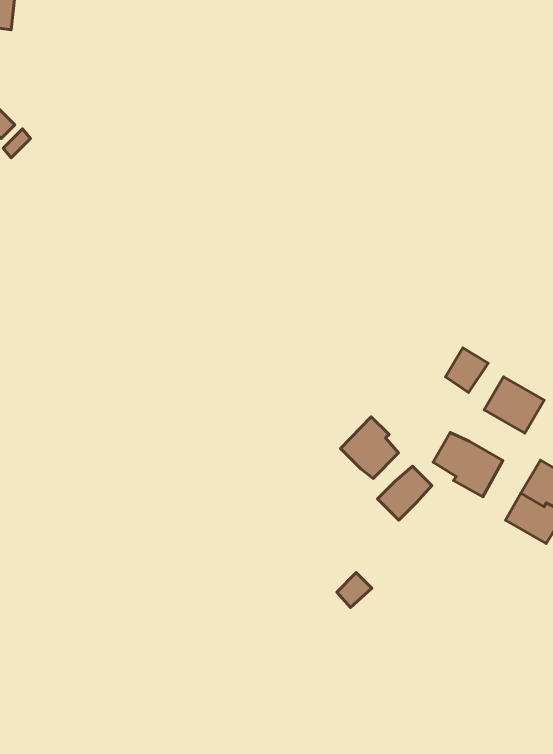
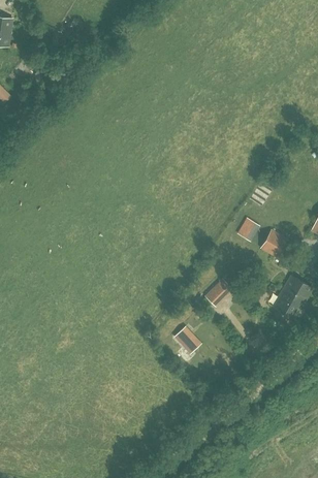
building: [340,417,399,478] -> none
building: [433,433,503,497] -> none

